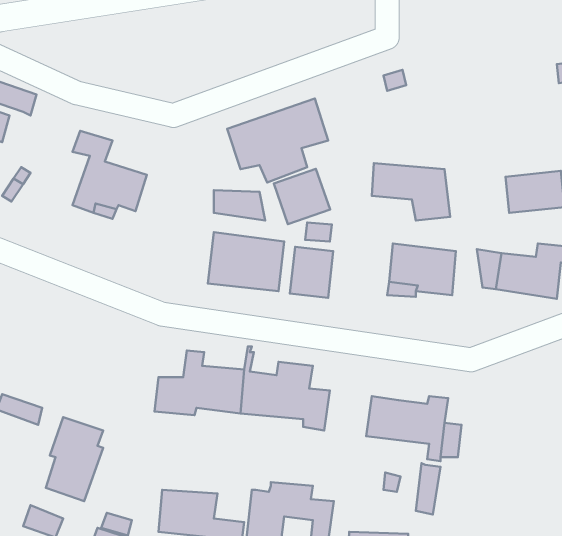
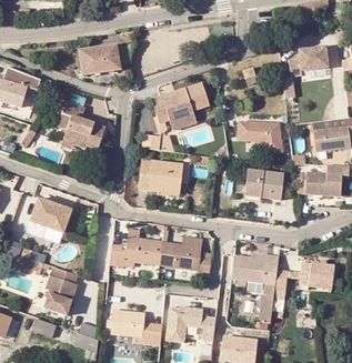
building: none -> [79,44,123,77]
building: none -> [291,49,330,77]
building: [274,169,330,224] -> none
building: [290,247,333,298] -> none
building: none -> [30,194,71,230]
building: none -> [298,262,332,289]

